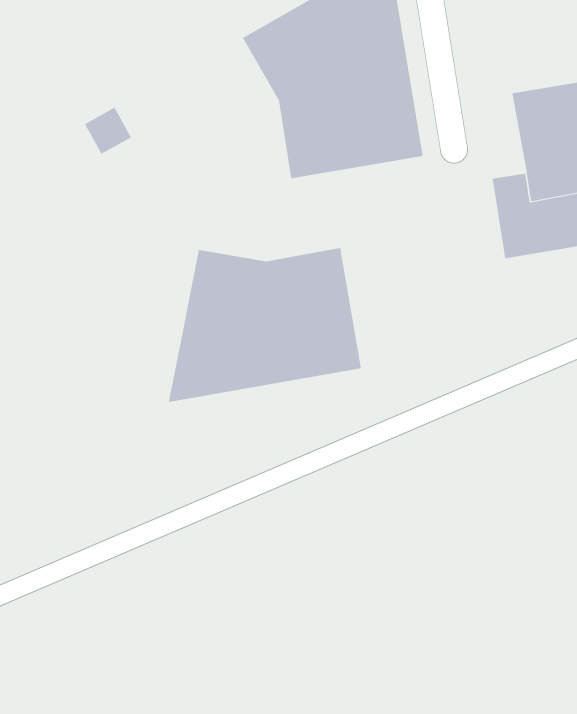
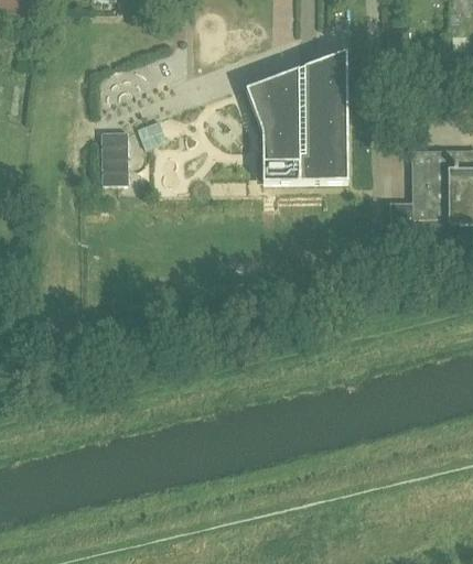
building: none -> [100,131,128,184]
building: [168,247,362,403] -> none

